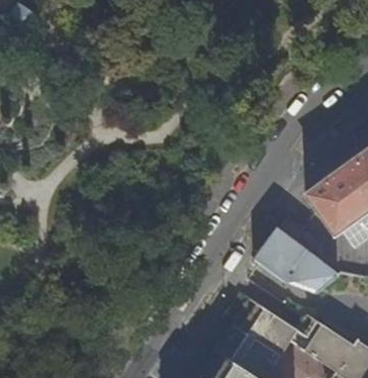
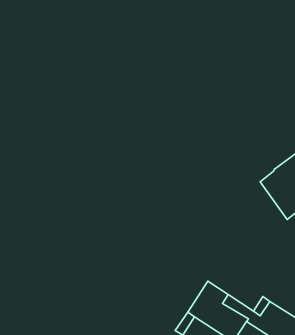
building: [254,219,338,293] -> none

